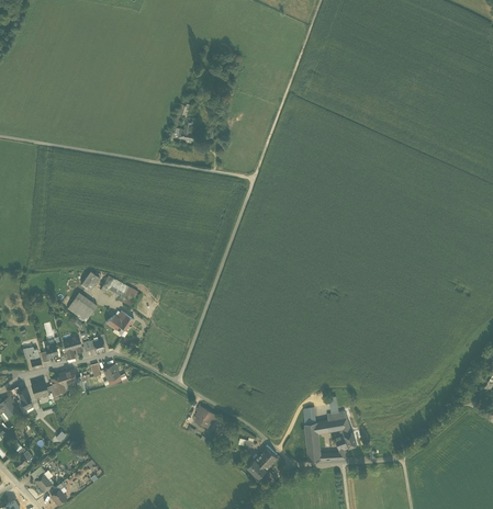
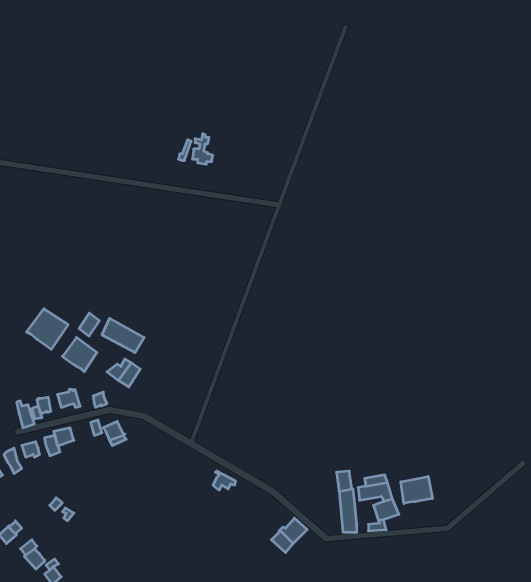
building: none -> [27,309,68,349]
building: none -> [401,476,432,504]

